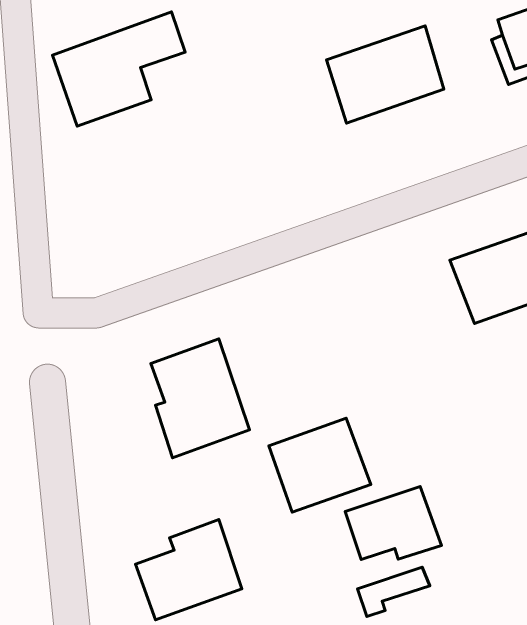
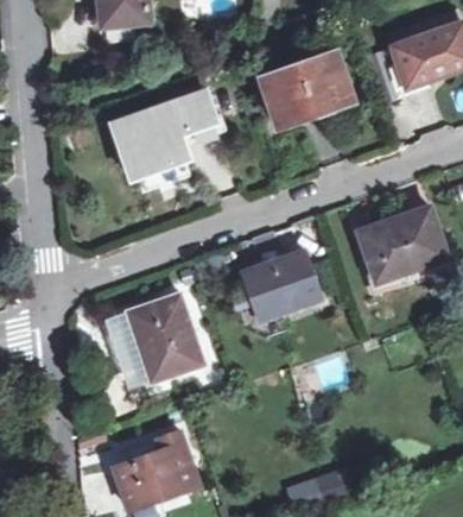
building: [53,12,185,126] -> [113,89,215,177]
building: [269,418,371,512] -> [243,248,322,321]
building: [345,486,441,559] -> none

